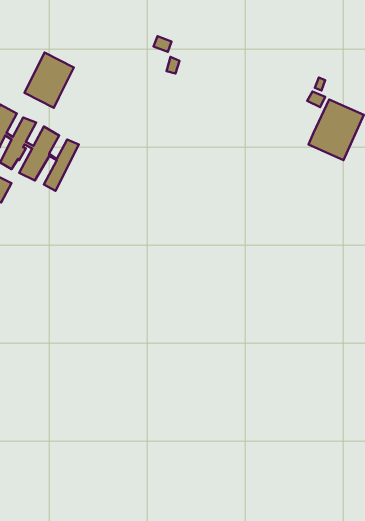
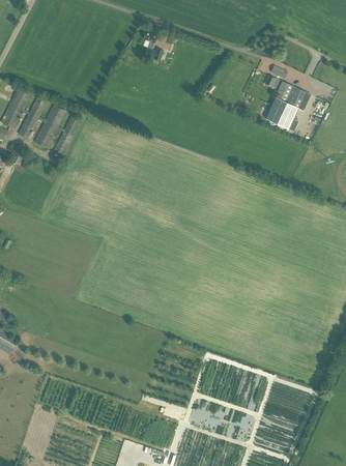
building: [25,53,74,108] -> none

